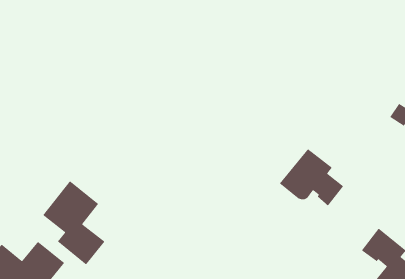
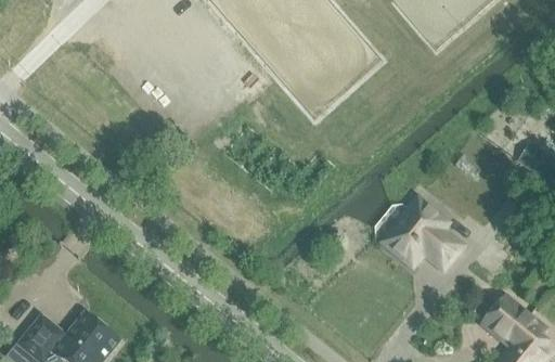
building: [42,180,105,265] -> none

